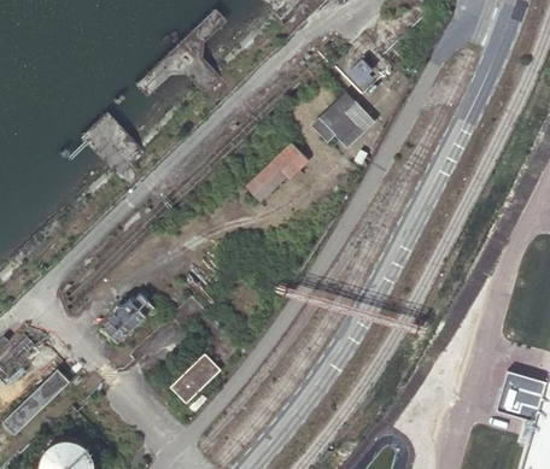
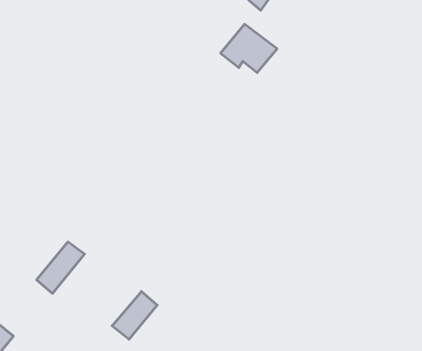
building: [244,146,303,199] -> none

